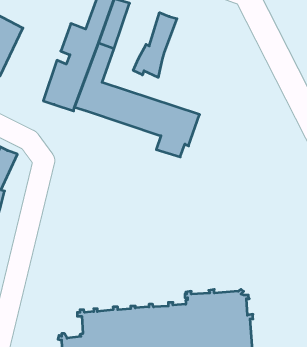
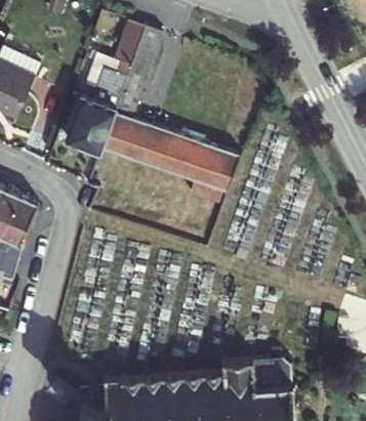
building: [133,13,177,77] -> none

